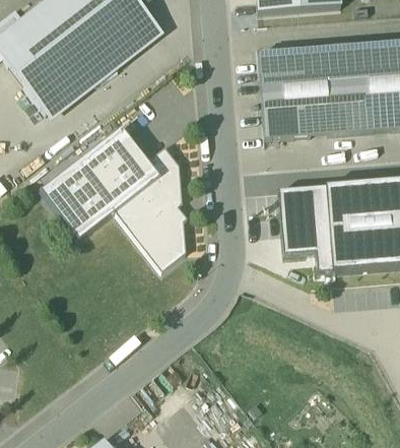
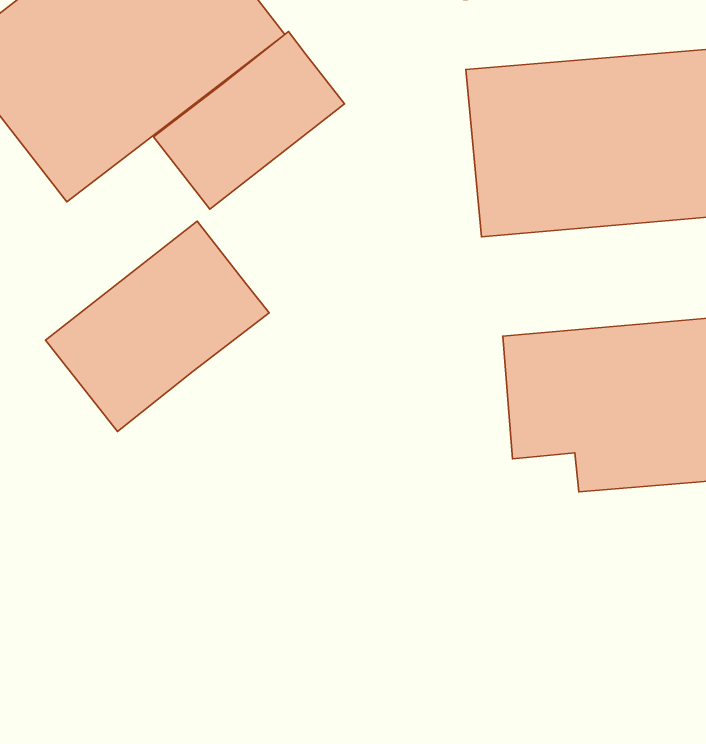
building: none -> [154,31,345,209]
building: [117,146,184,266] -> none

